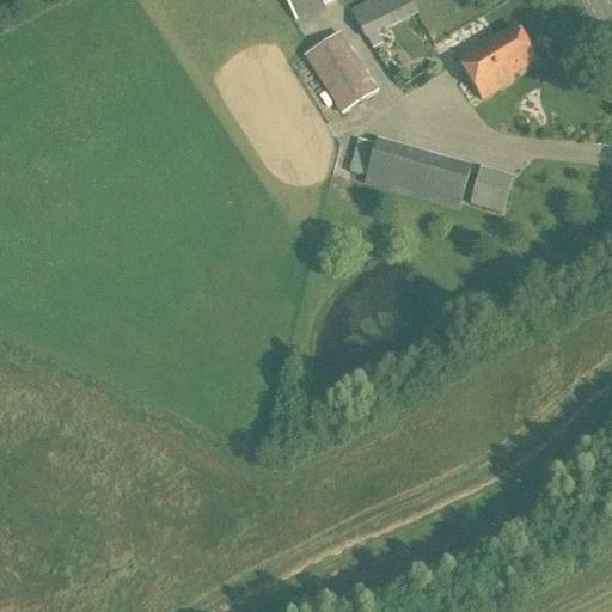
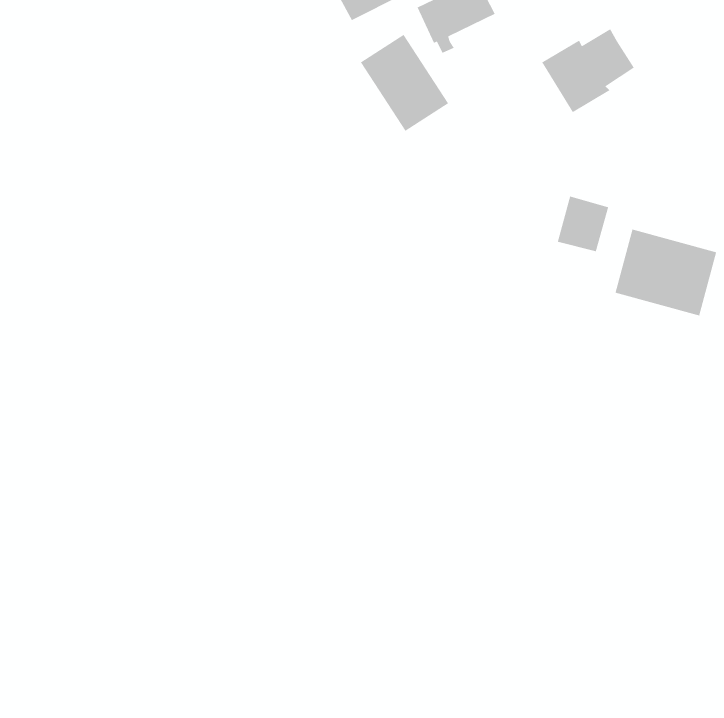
building: [349,135,473,209] -> none
building: none -> [614,229,717,317]

